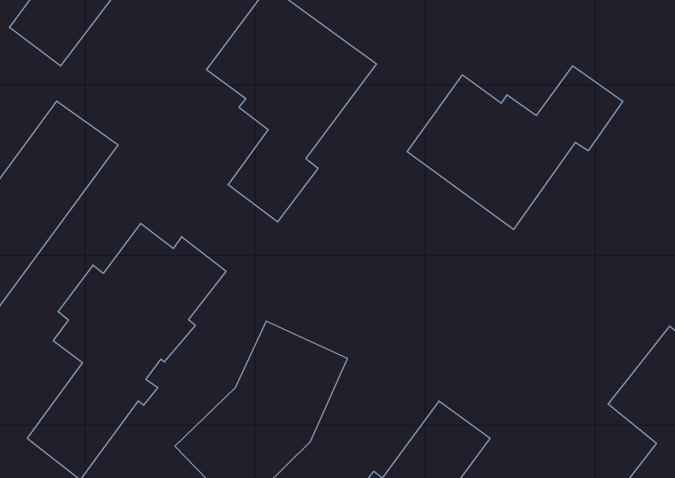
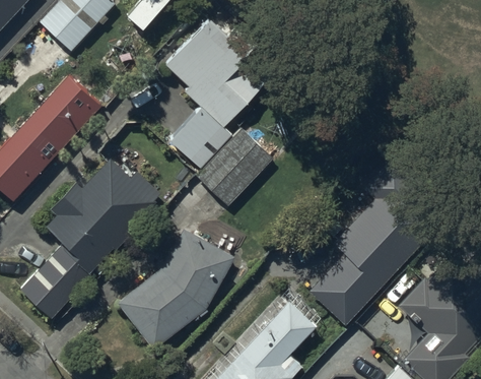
building: [407,66,623,230] -> none
building: none -> [196,131,272,208]
building: none -> [308,188,437,327]

